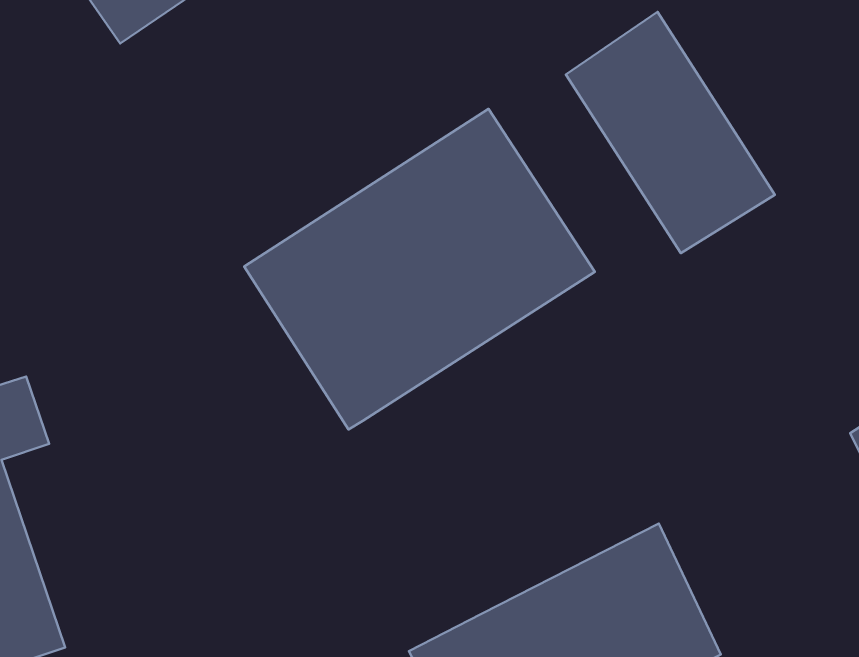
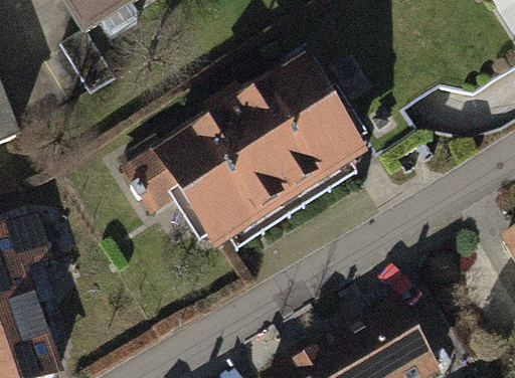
building: [566,12,775,253] -> none

